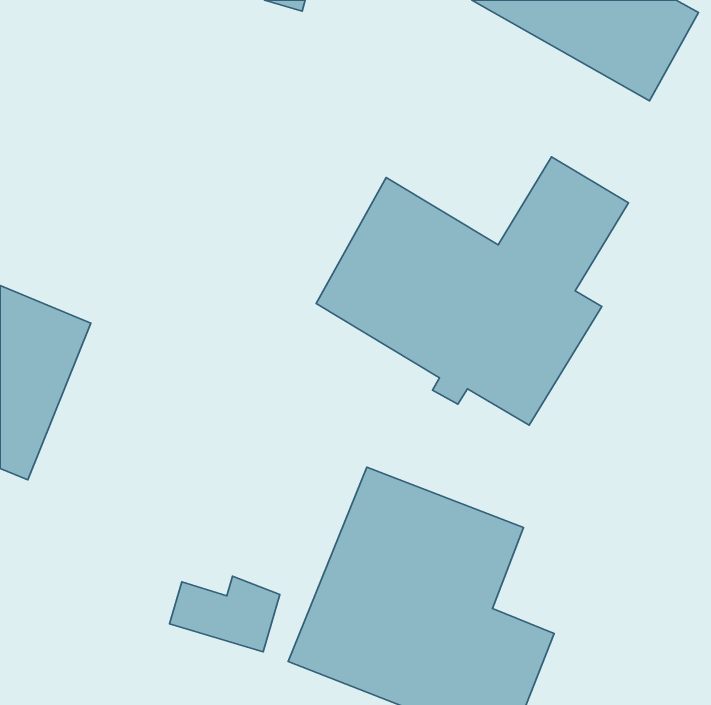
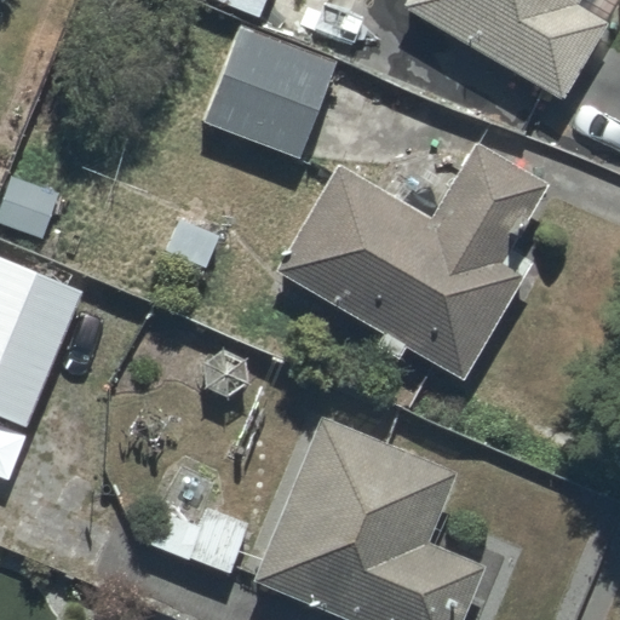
building: none -> [202,27,333,157]

